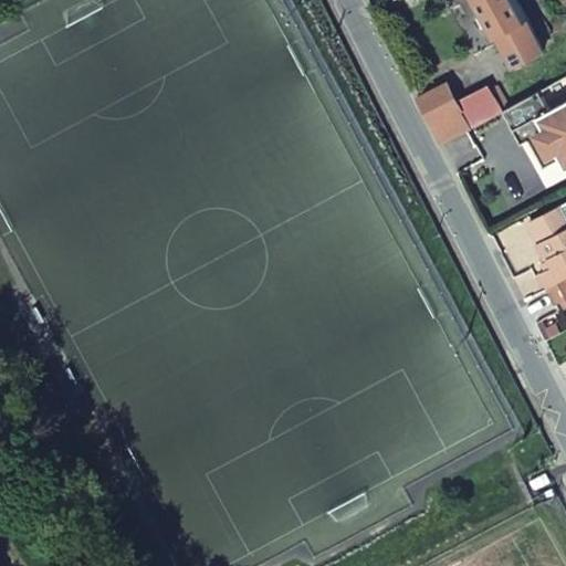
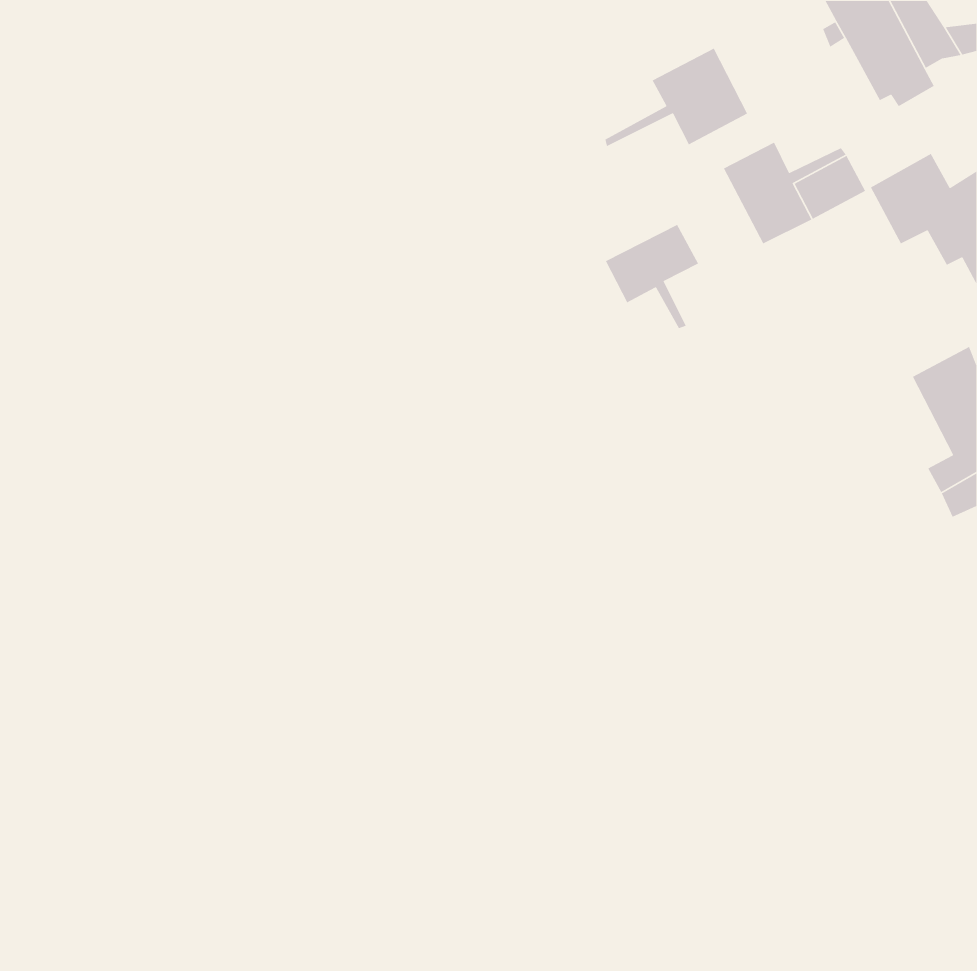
building: none -> [605,48,748,147]
building: none -> [605,224,699,329]

